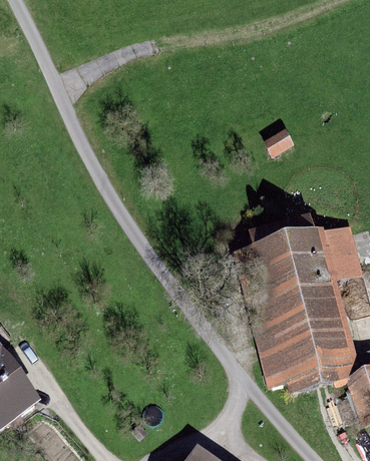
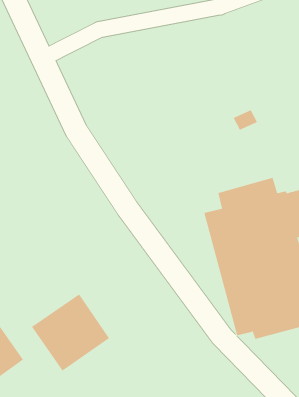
building: none -> [31,294,110,372]

